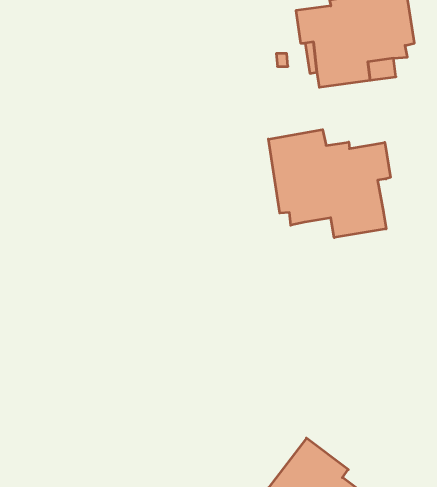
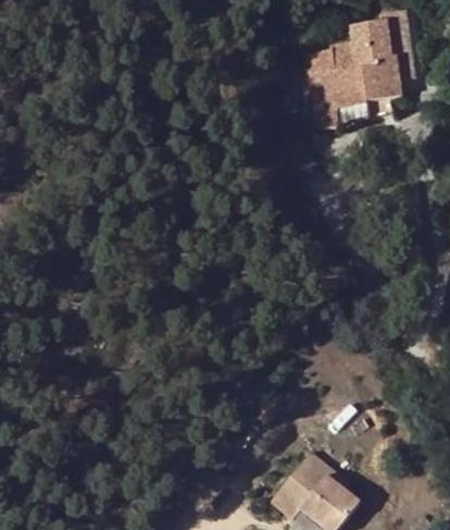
building: [268,130,390,238] -> none

